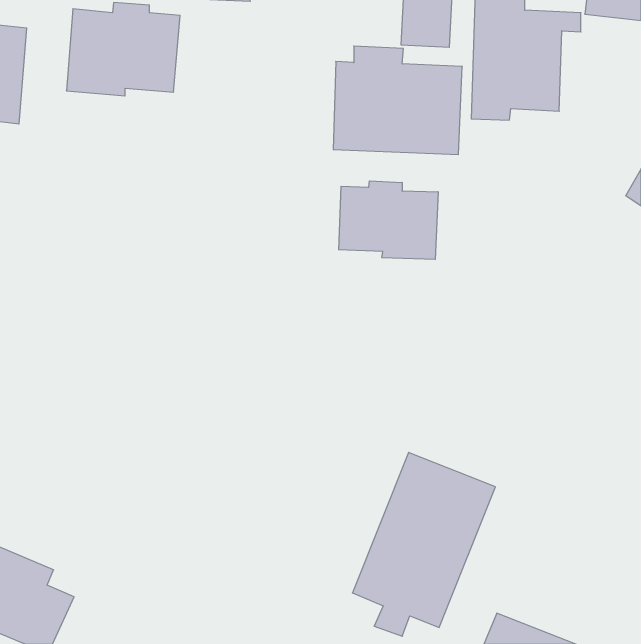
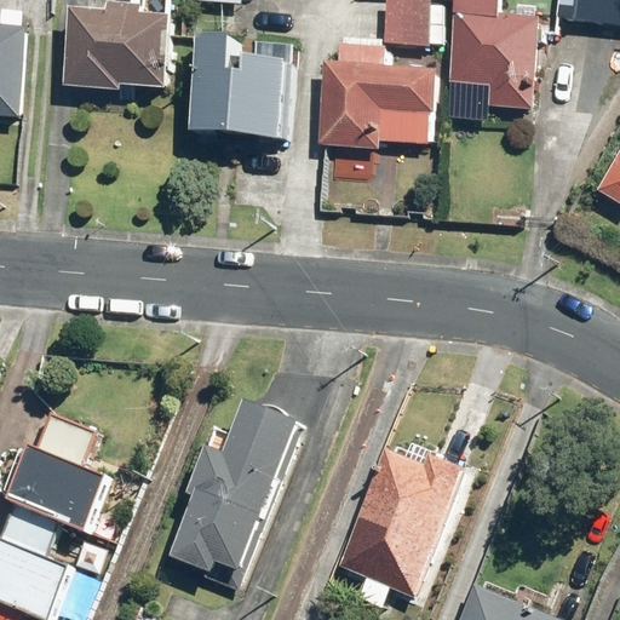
building: none -> [185,33,291,143]
building: [339,181,438,259] -> none
building: none -> [171,397,299,572]
building: none -> [8,408,117,533]

